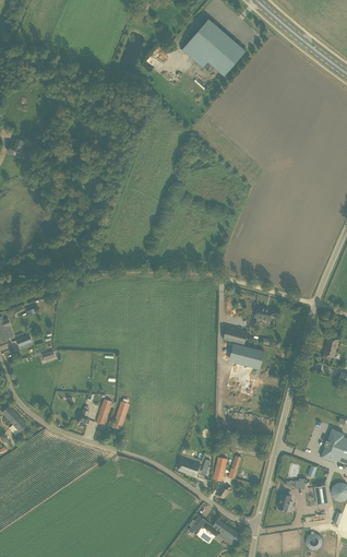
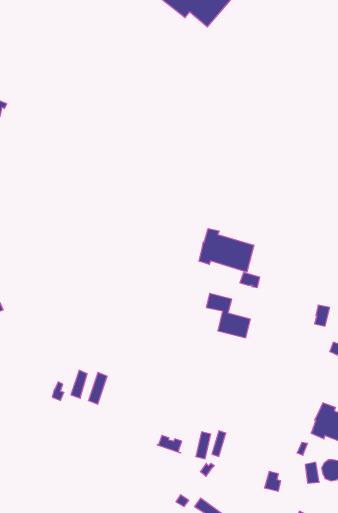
building: none -> [199,229,254,272]

